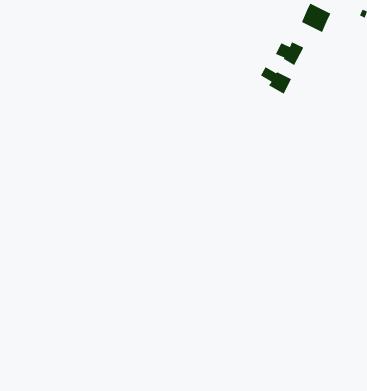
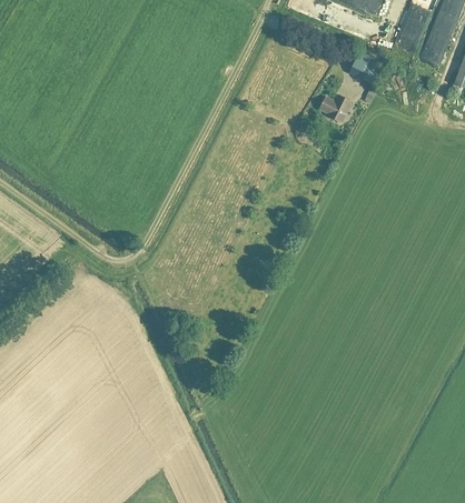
building: [260,66,292,95] -> none

